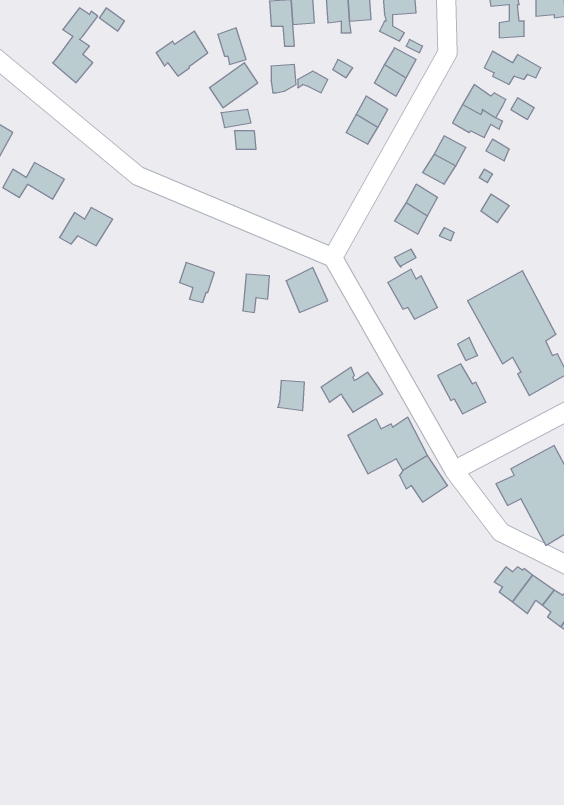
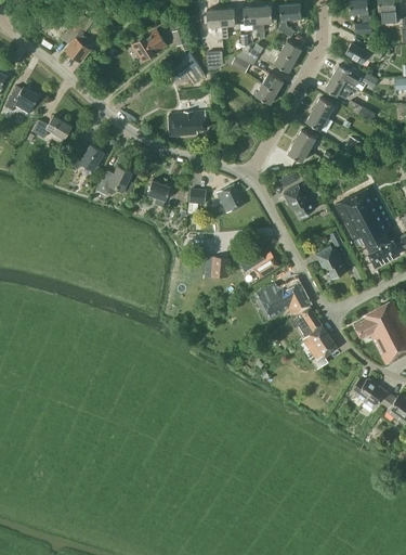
building: none -> [168,111,206,135]
building: none -> [97,165,134,194]
building: none -> [302,325,337,367]

